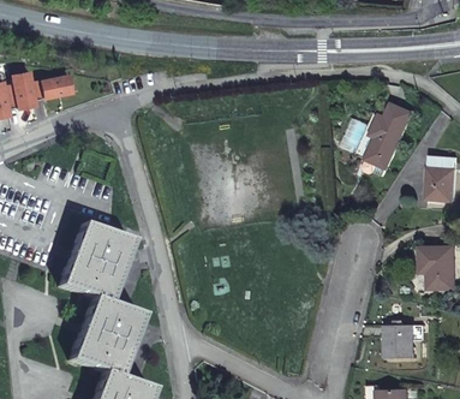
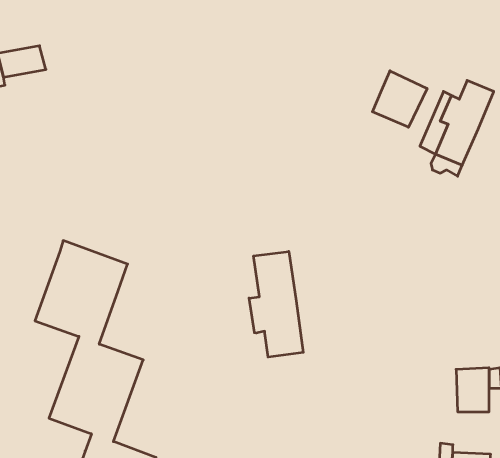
building: none -> [372,71,427,127]
building: none -> [249,251,303,357]

